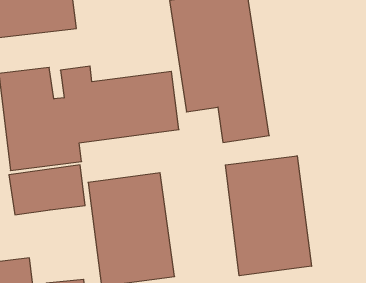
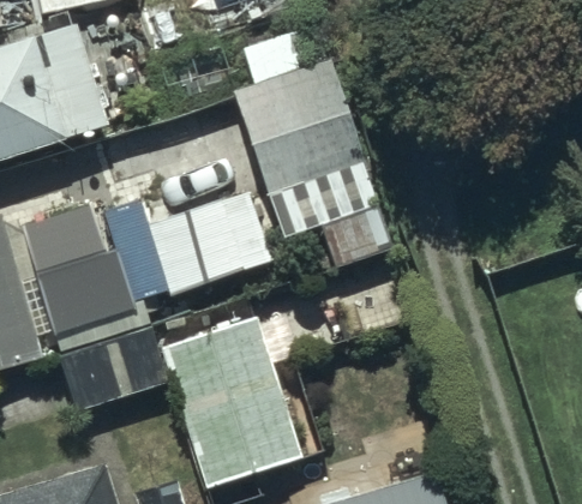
building: [225,156,312,276] -> none

